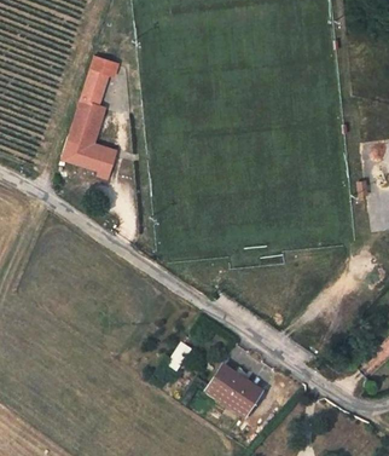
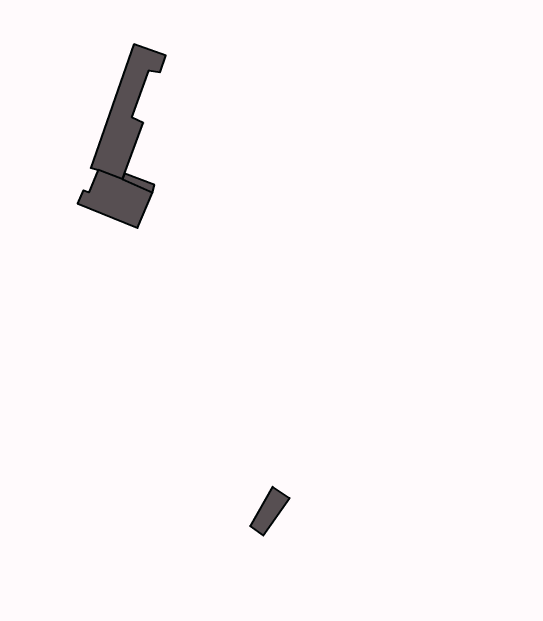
building: [211,370,265,419] -> none

